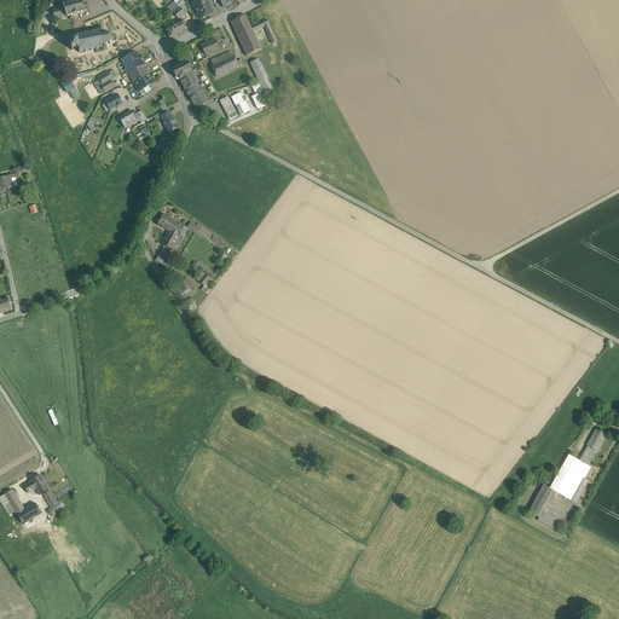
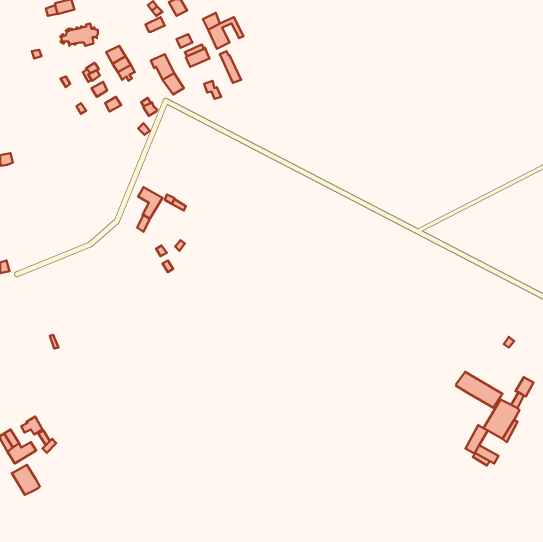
building: none -> [456,372,503,408]
building: none -> [12,465,40,495]

